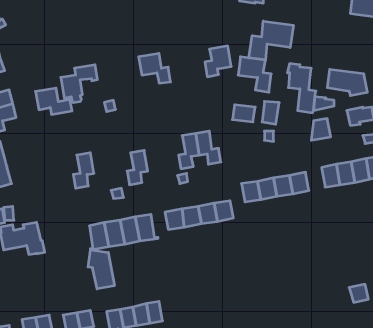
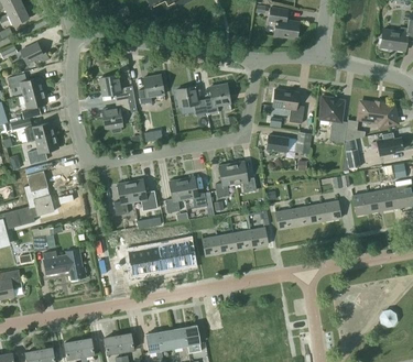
building: [249,21,293,60] -> none
building: none -> [138,75,164,103]
building: [205,46,231,77] -> [205,84,230,113]
building: [35,88,72,114] -> [99,75,134,100]
building: none -> [182,176,207,208]
building: none -> [130,179,155,210]
building: [88,250,114,289] -> none

